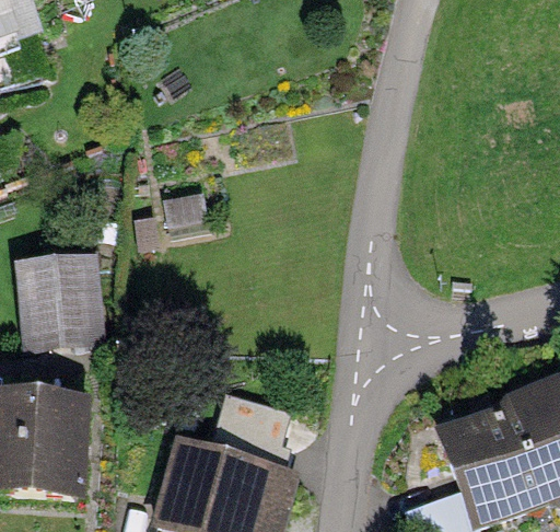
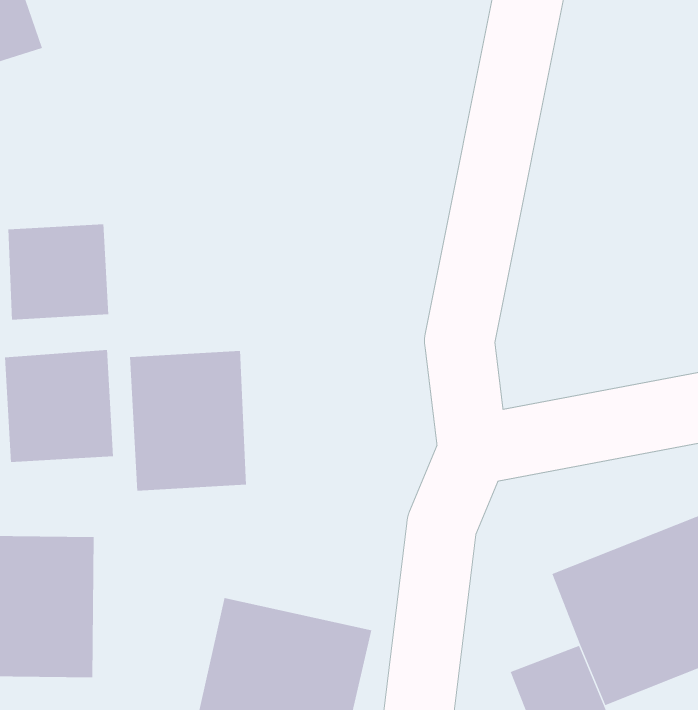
building: none -> [8,224,109,320]
building: none -> [129,350,246,491]

